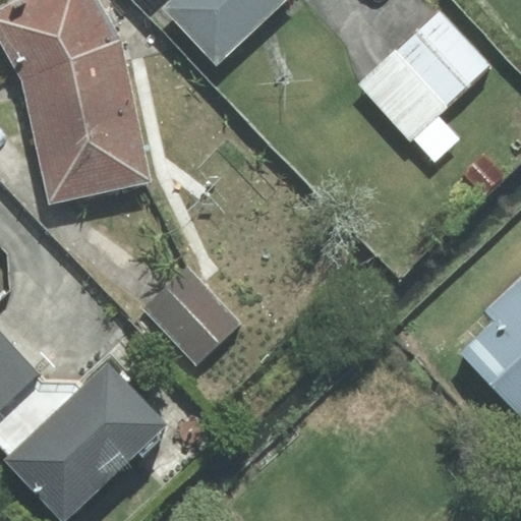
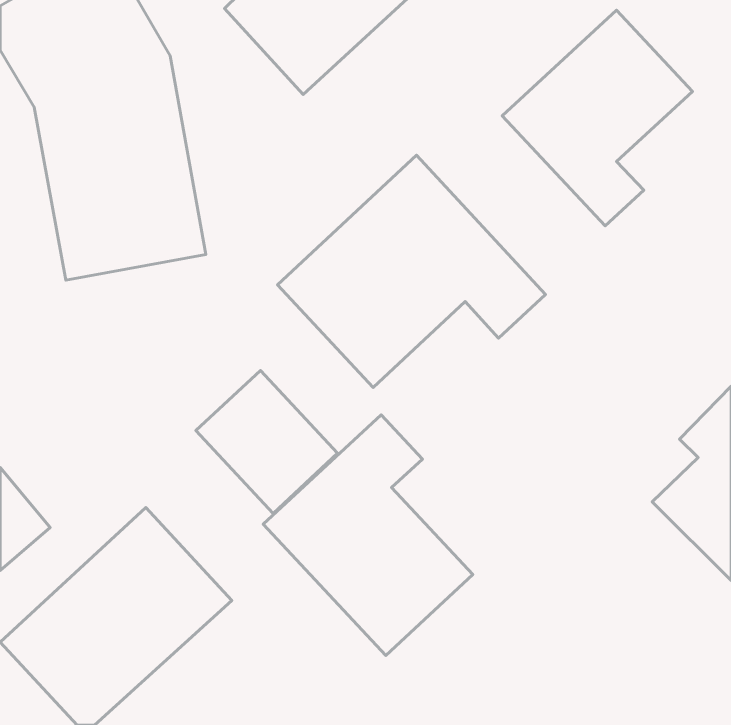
building: none -> [278,155,546,388]
building: none -> [263,415,473,655]

